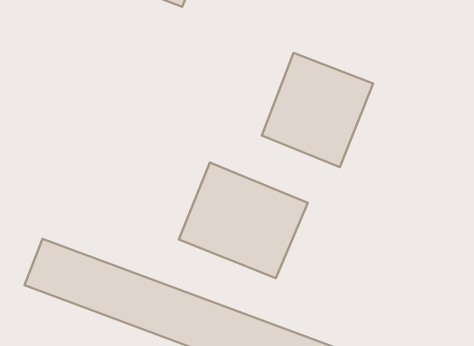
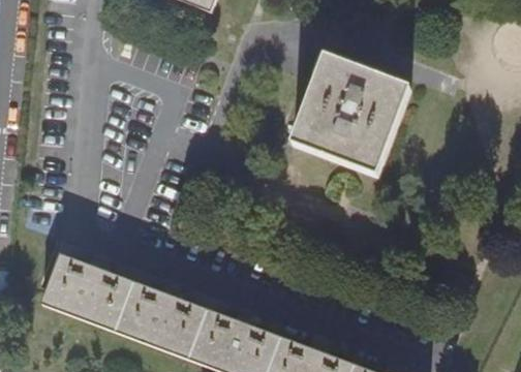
building: [179,162,308,278] -> none

